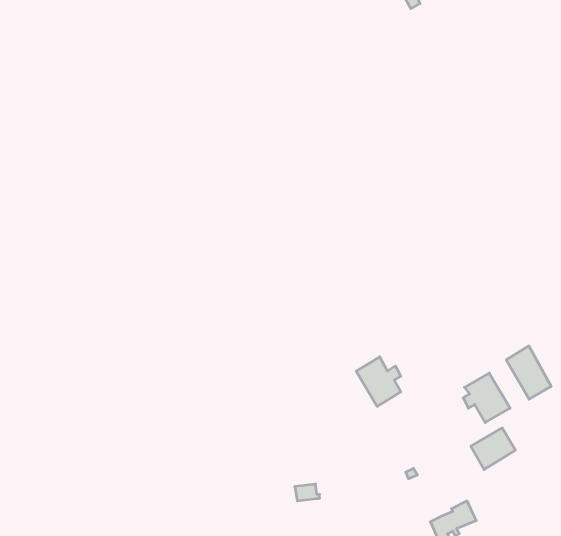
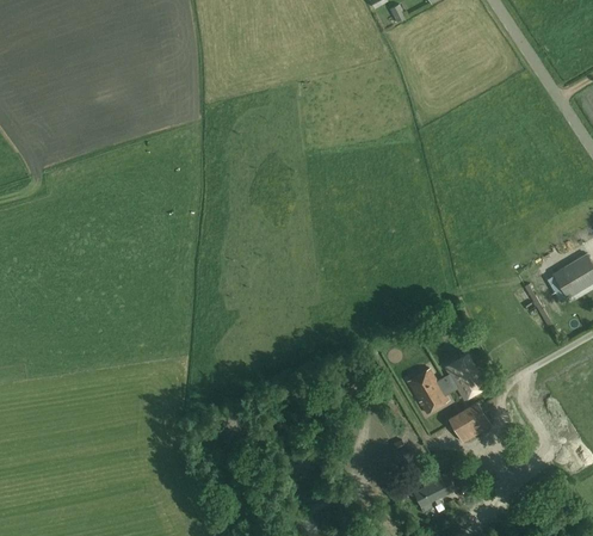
building: [506,346,551,399] -> none
building: [356,357,401,406] -> [407,369,447,414]

